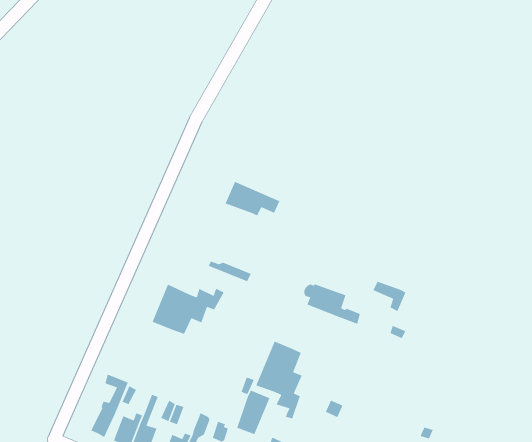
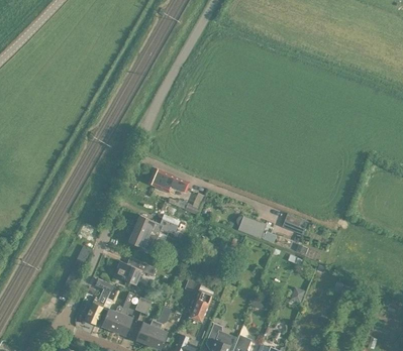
building: [225,181,280,217] -> [149,168,189,194]
building: [255,340,303,419] -> none
building: none -> [113,256,157,284]

